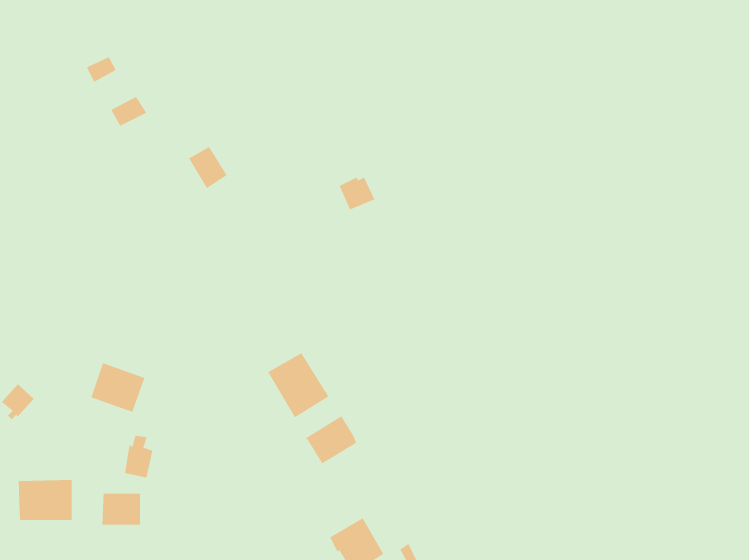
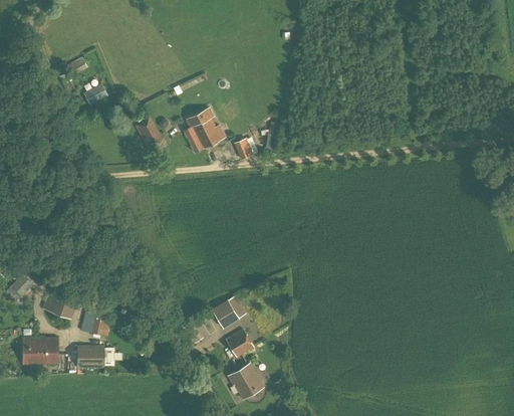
building: none -> [183,108,226,154]
building: [268,352,329,418] -> none
building: [90,362,145,413] -> [43,285,79,319]
building: none -> [225,329,254,358]

